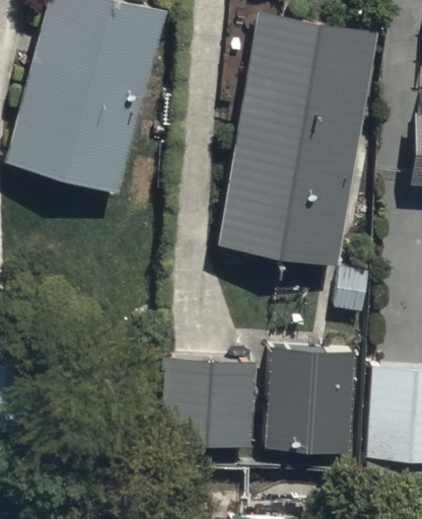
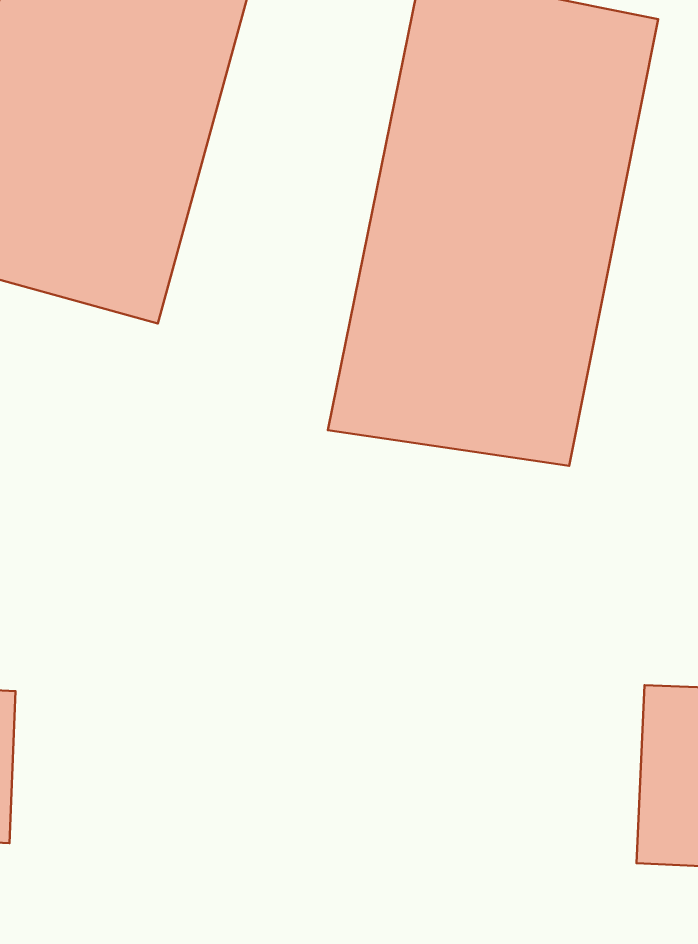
building: [269,350,359,458] -> none
building: [150,358,259,450] -> none

